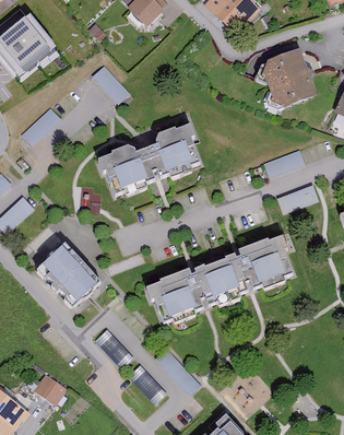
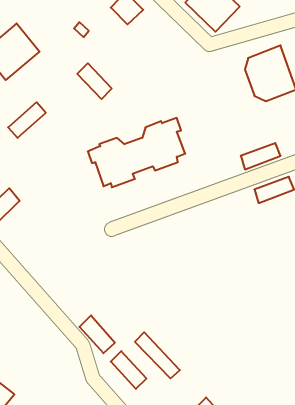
building: [150,235,296,322] -> none
building: [43,243,103,303] -> none
building: [32,373,63,404] -> none

